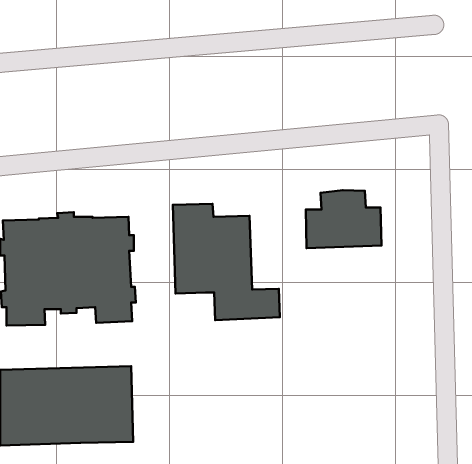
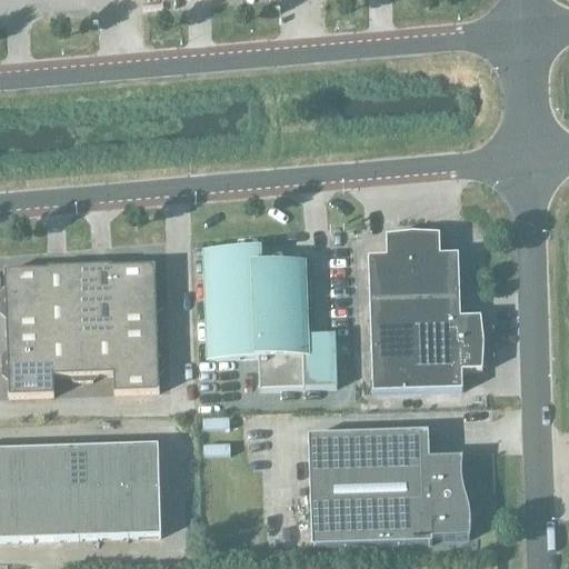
building: none -> [369,296,483,388]
building: none -> [308,427,470,542]

